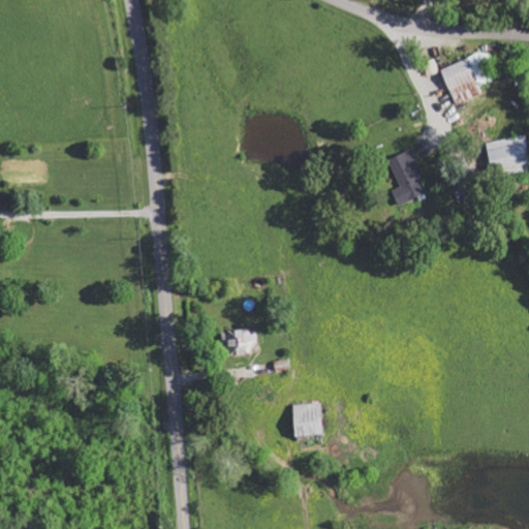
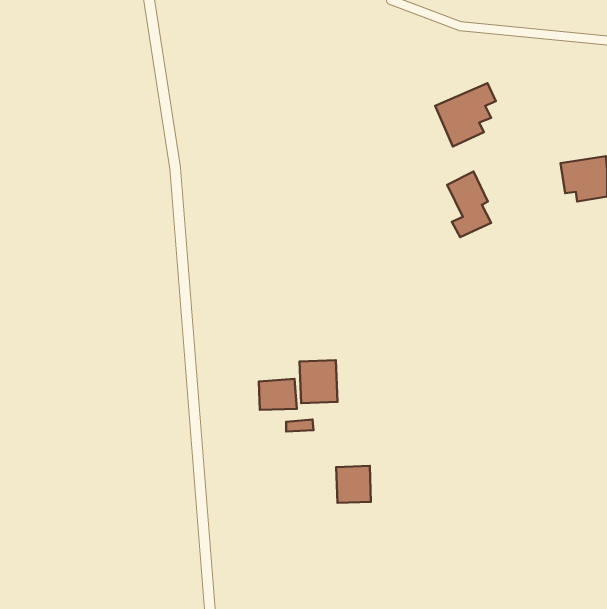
building: [439,51,492,105] -> [435,83,496,146]
building: none -> [299,360,337,403]

